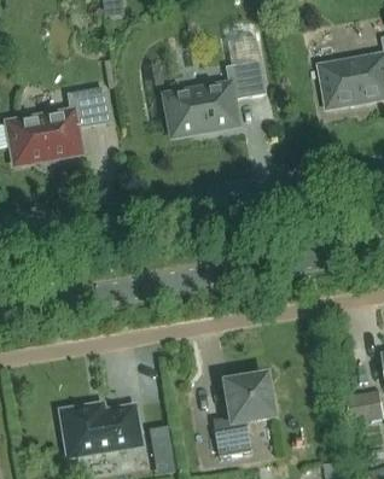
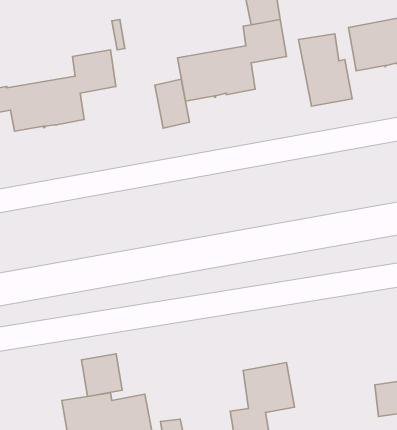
building: none -> [299,34,352,106]
building: none -> [155,79,190,128]
building: none -> [81,354,122,396]

